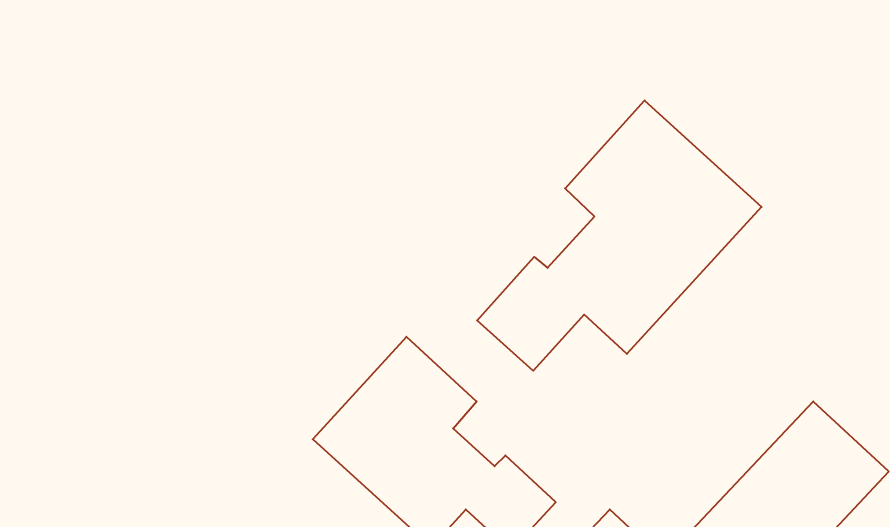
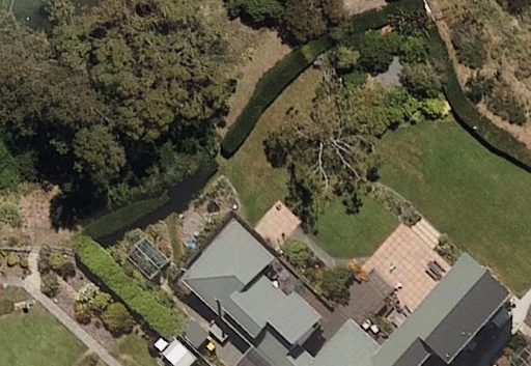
building: [477,100,762,371] -> none

